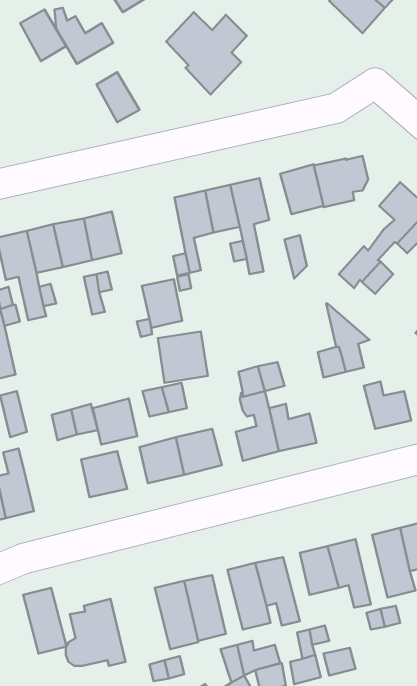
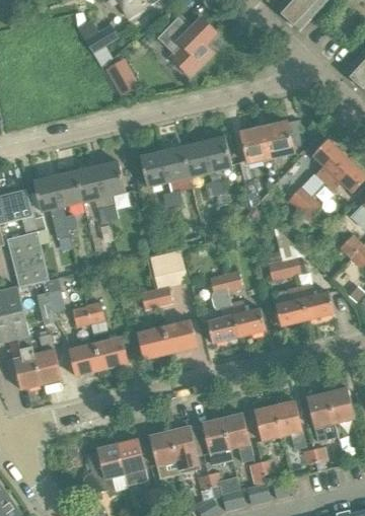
building: [20,9,66,61] -> none
building: [142,279,182,328] -> [140,151,169,187]
building: none -> [277,288,309,325]
building: [93,398,137,444] -> [69,342,101,375]
building: [23,588,66,654] -> [117,438,148,486]

